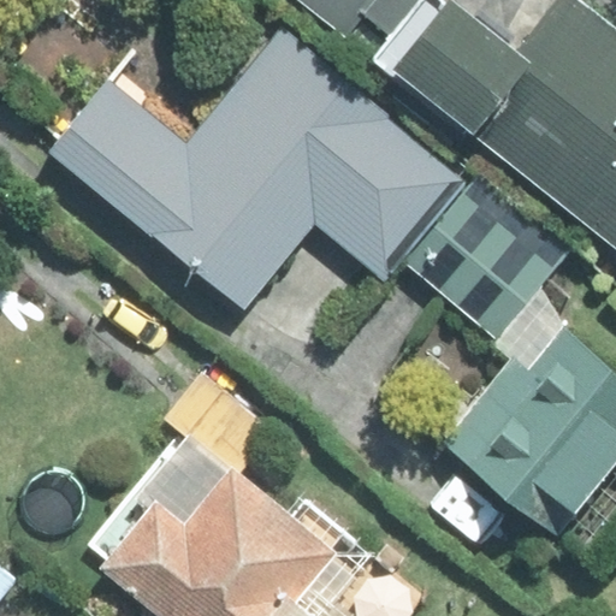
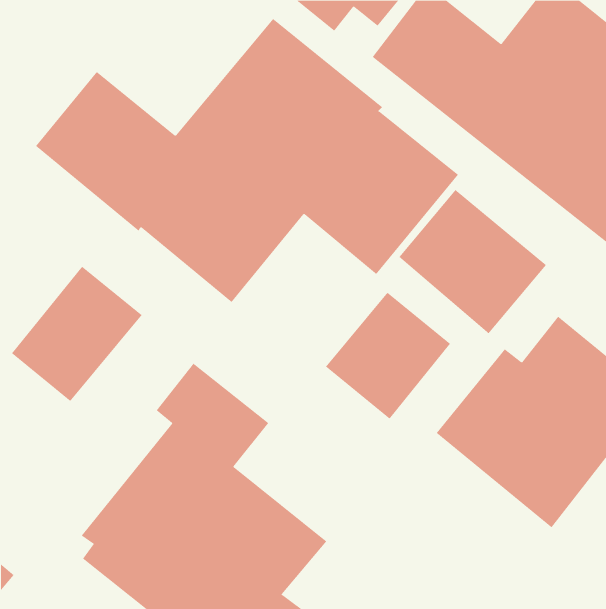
building: none -> [11,266,142,402]
building: none -> [325,292,451,419]

